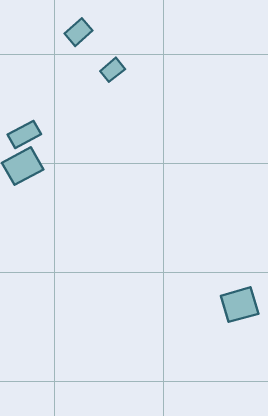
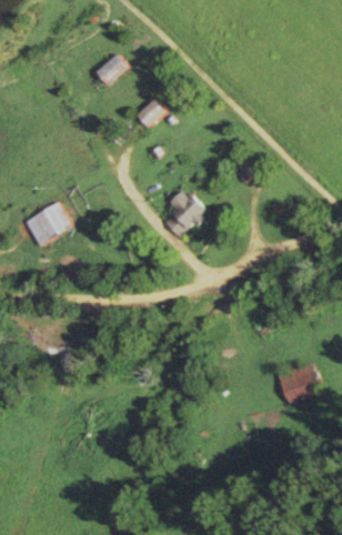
building: [7,121,41,148] -> none
building: none -> [163,188,207,238]

